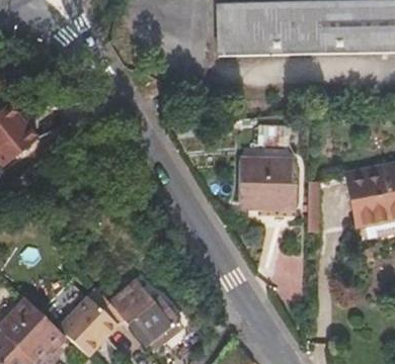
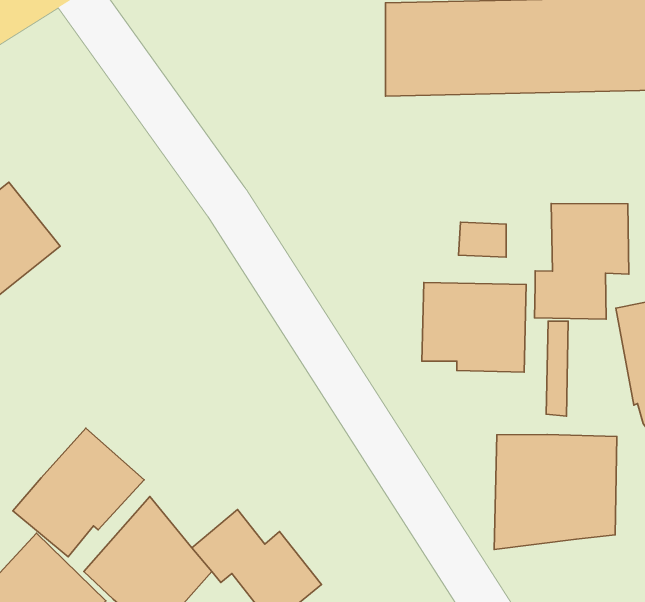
building: none -> [534,203,629,319]
building: none -> [13,428,144,557]
building: none -> [494,434,617,550]

